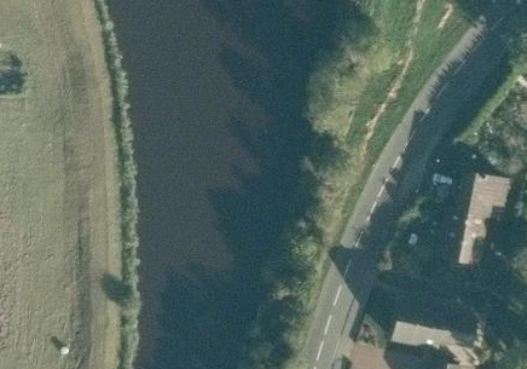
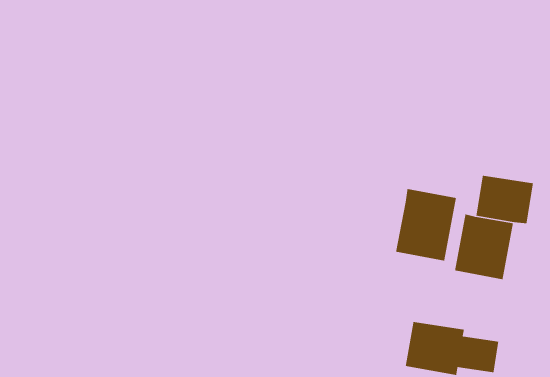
building: none -> [395,188,457,261]

